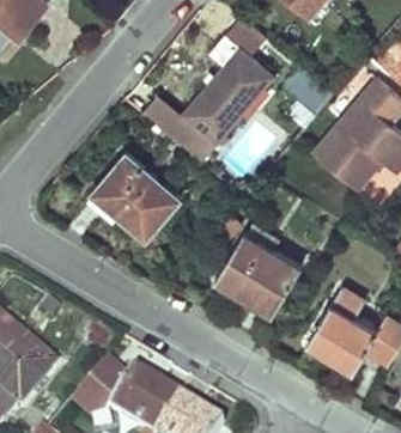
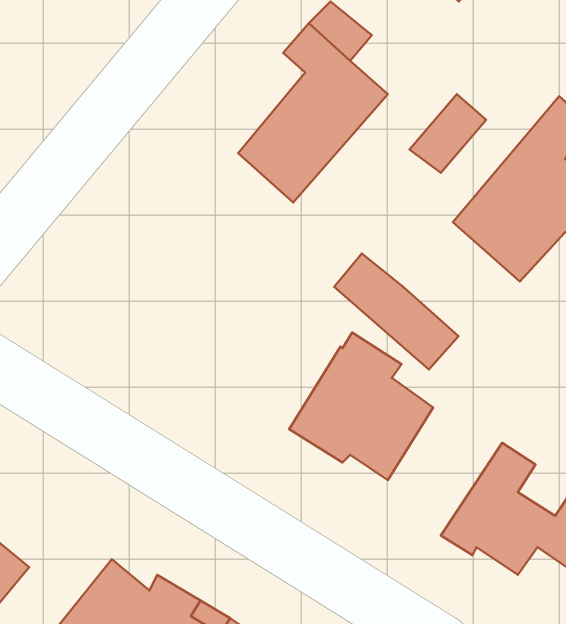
building: [140,94,215,165] -> [334,253,458,370]
building: [95,153,180,239] -> none

